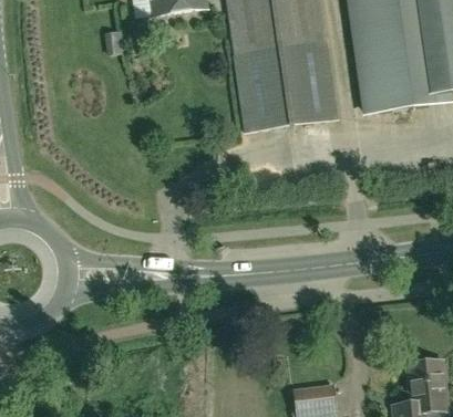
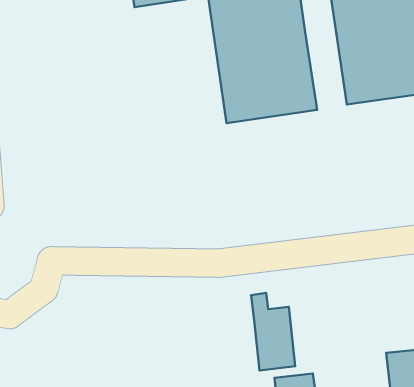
building: none -> [251,293,295,371]

